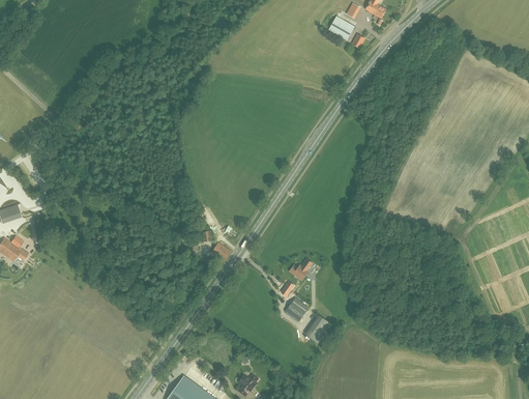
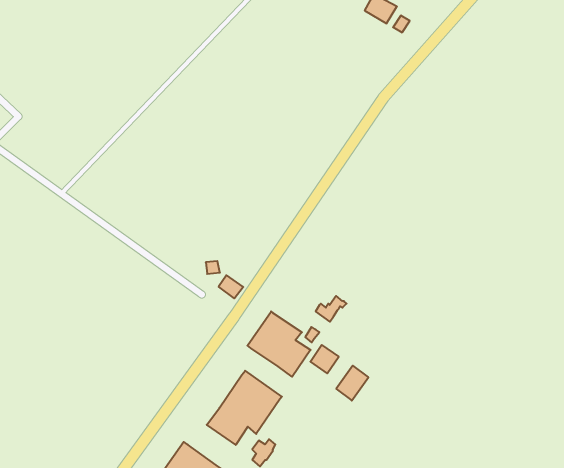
building: none -> [247,311,311,377]
building: none -> [207,371,282,445]

